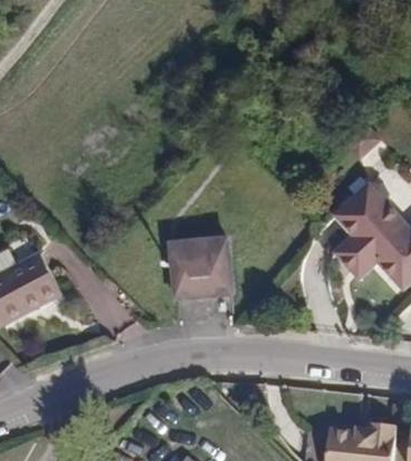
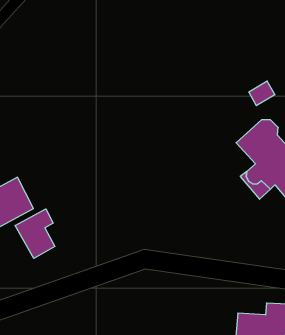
building: [170,238,231,301] -> none
building: none -> [15,209,55,258]

